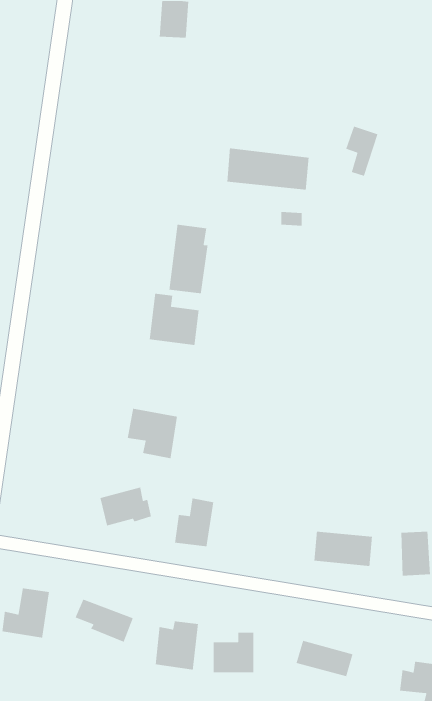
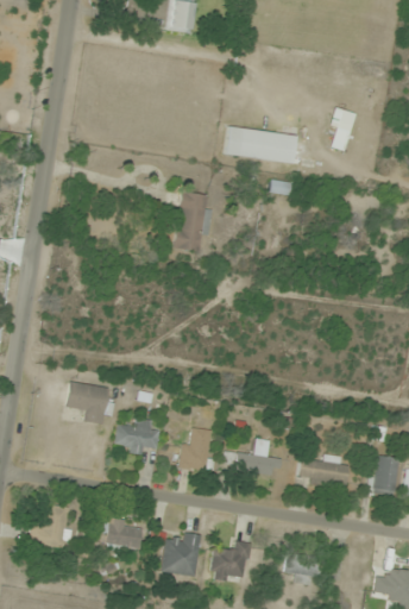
building: [149,293,200,346] -> none
building: [127,408,178,459] -> [65,382,109,426]
building: none -> [235,453,282,473]

